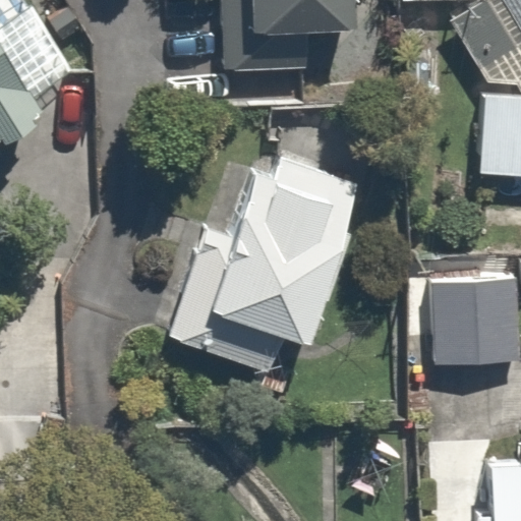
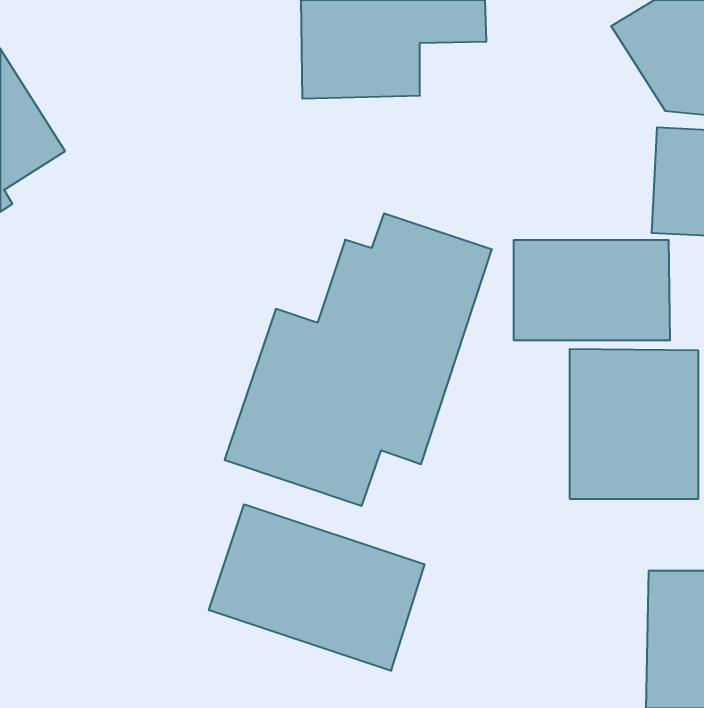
building: none -> [514,240,670,340]
building: none -> [209,504,425,671]

